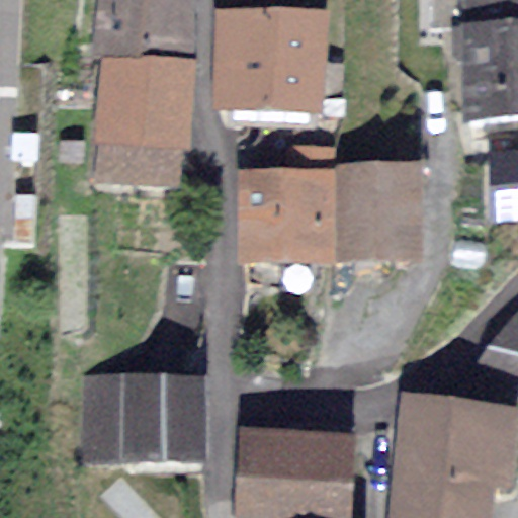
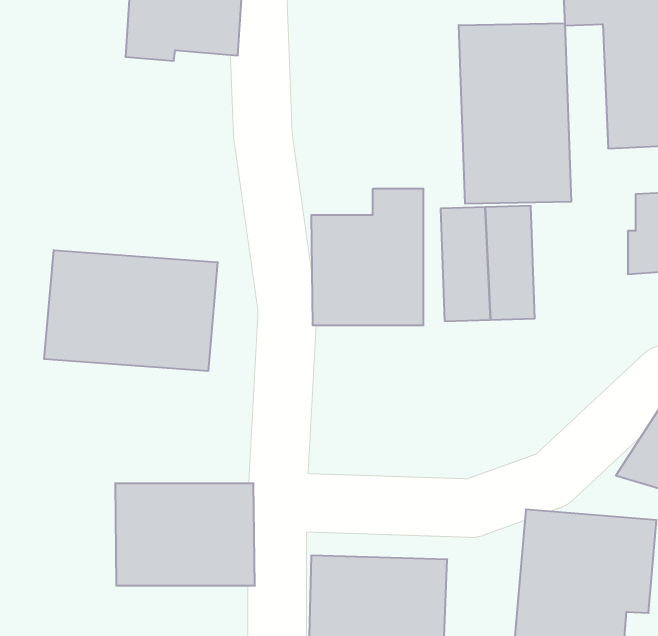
building: [225,15,320,109] -> none
building: none -> [459,23,571,204]
building: [100,61,189,181] -> none
building: none -> [44,250,218,371]

